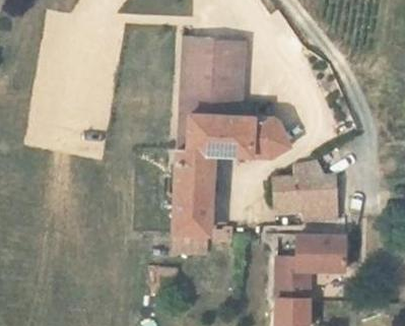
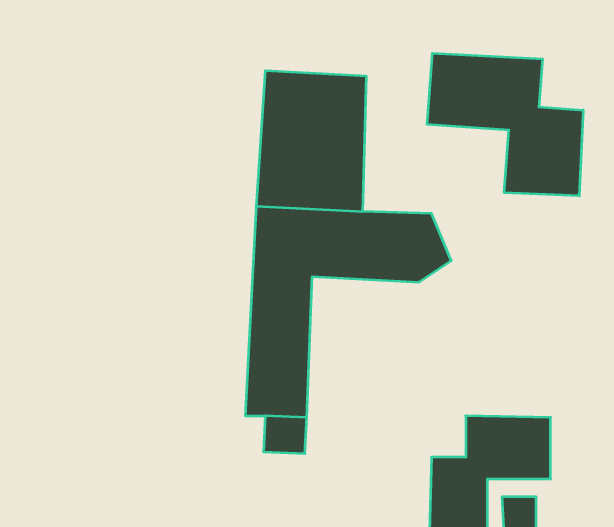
building: none -> [427,53,583,196]
building: [272,159,337,219] -> none

